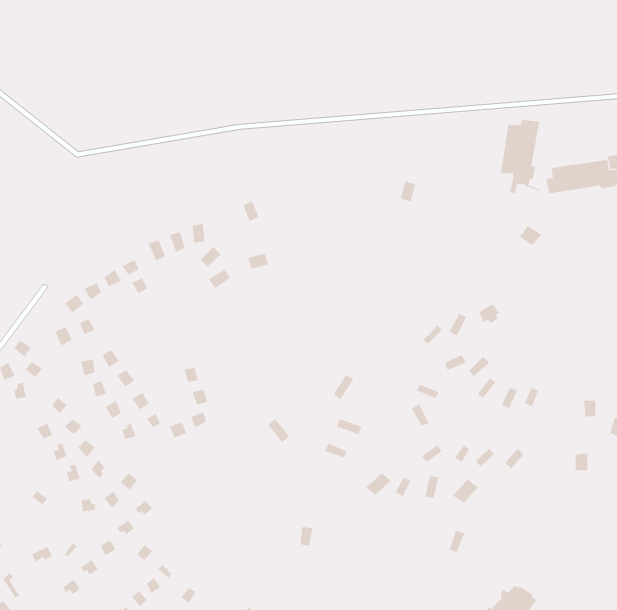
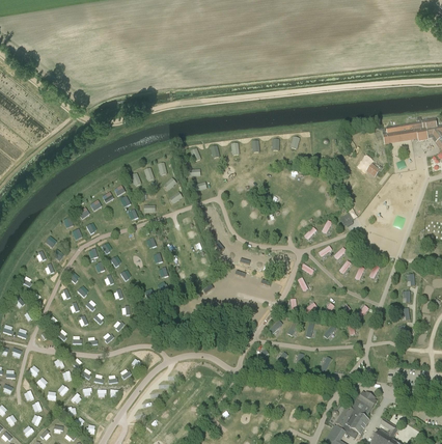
building: [501,119,541,194] -> none

